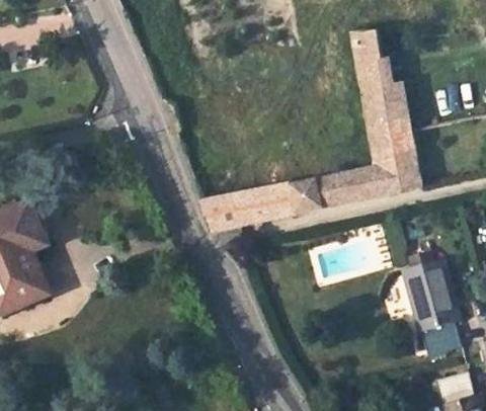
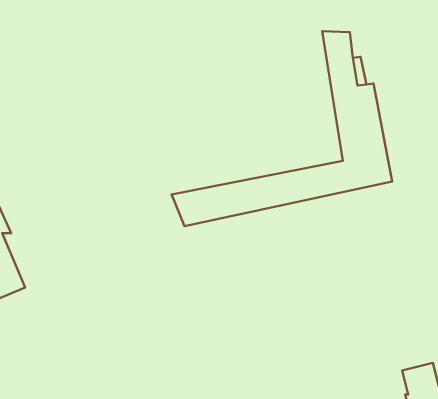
building: [400,252,460,354] -> none

